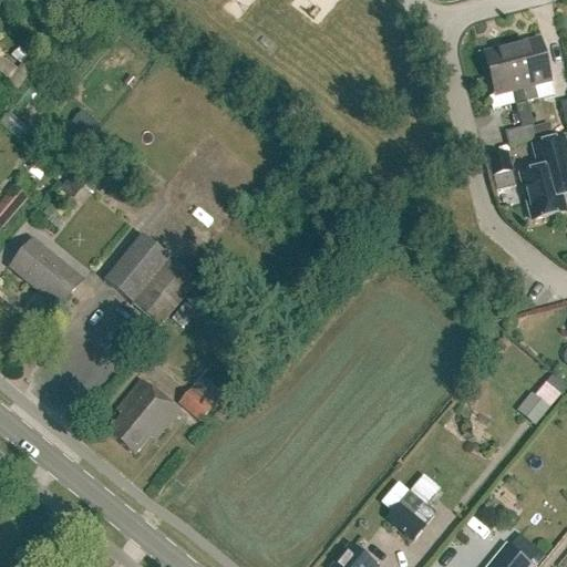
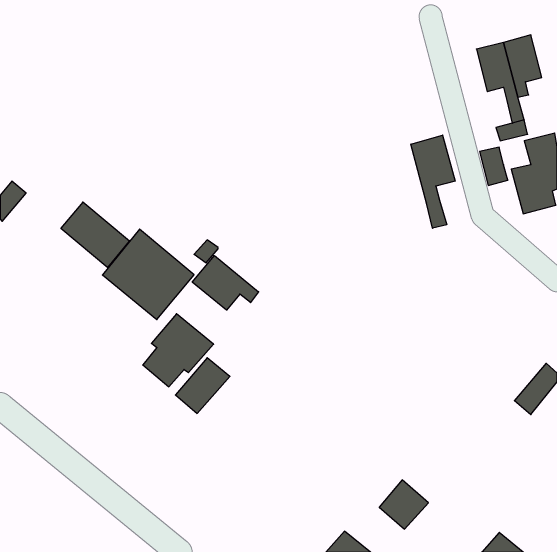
building: none -> [411,135,455,228]
building: [11,238,81,305] -> [61,202,130,267]
building: none -> [192,256,259,310]
building: [107,379,179,453] -> [143,314,214,387]

